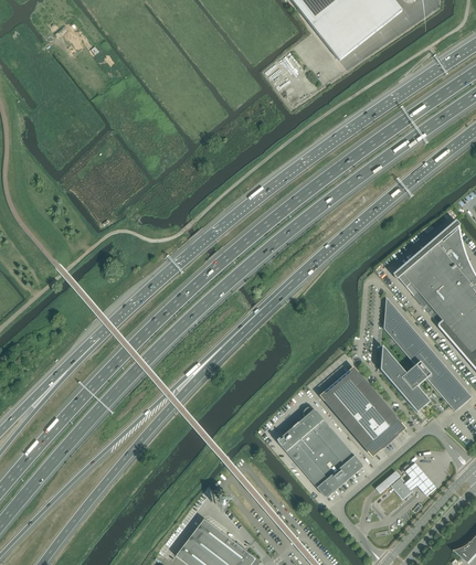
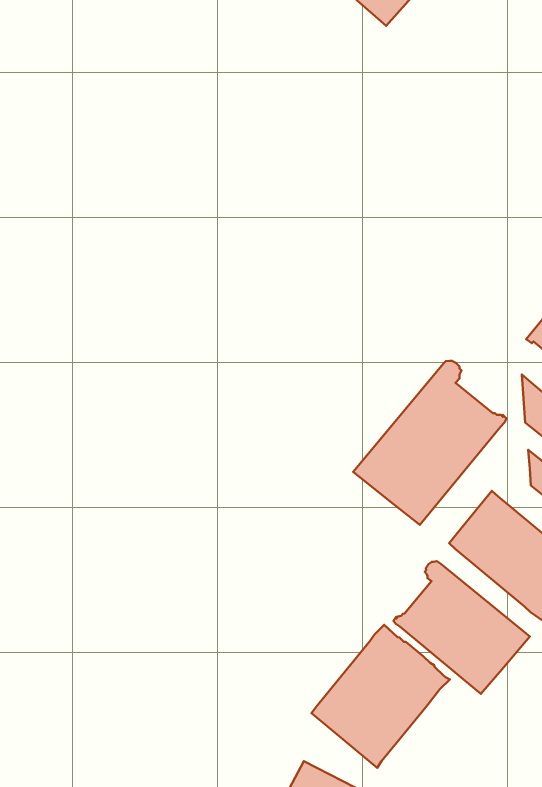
building: none -> [353,361,507,525]
building: none -> [312,625,450,768]

